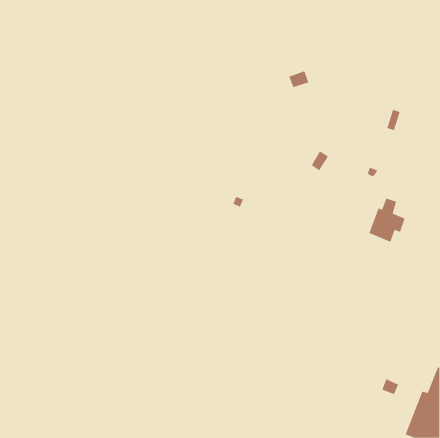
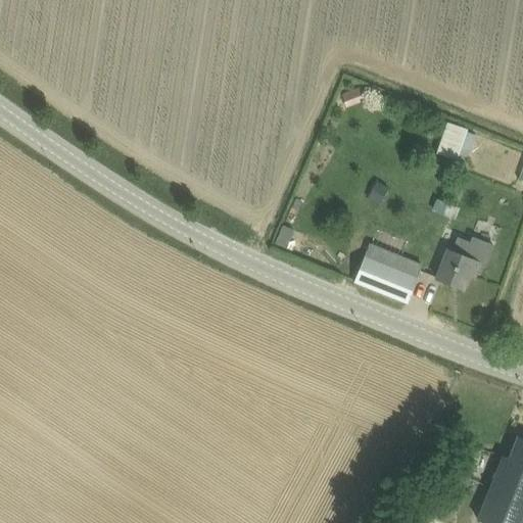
building: none -> [354,254,418,300]

